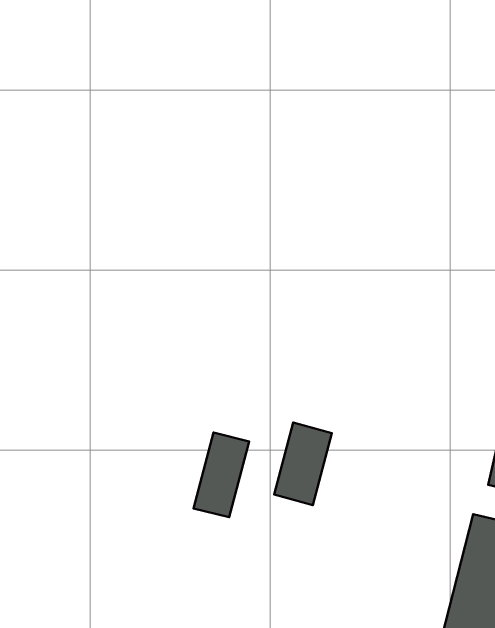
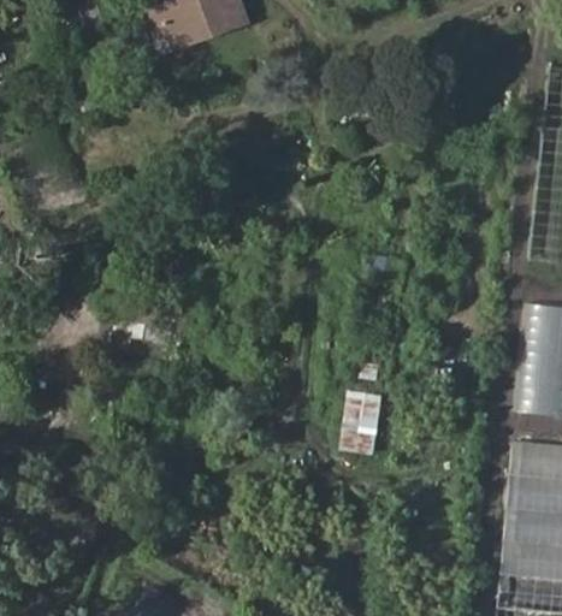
building: [194,433,249,517] -> none

